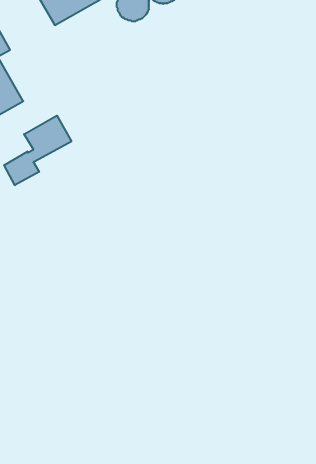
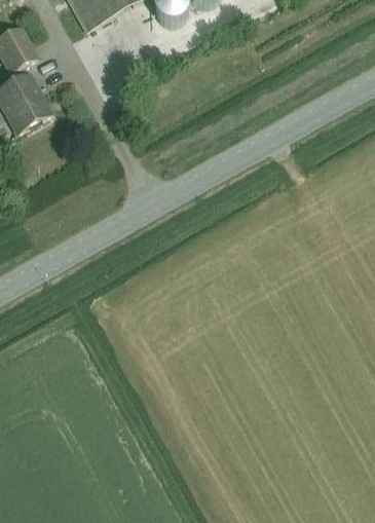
building: [4,116,71,185] -> none

